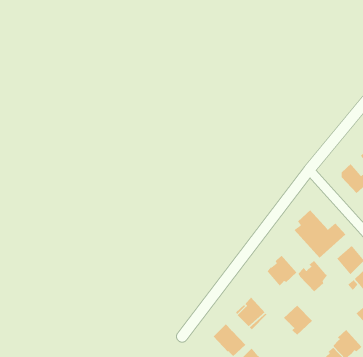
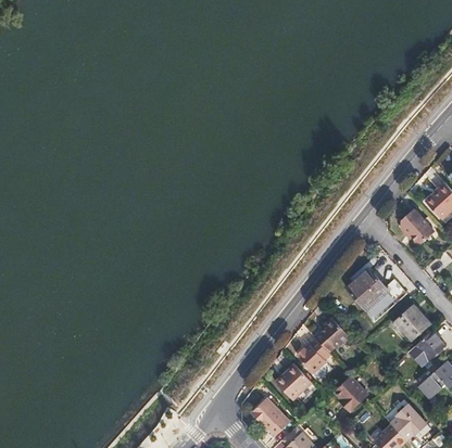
building: [297,260,328,292] -> [296,337,331,375]

